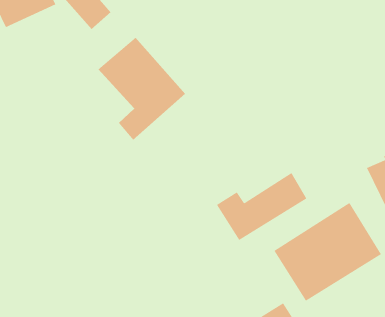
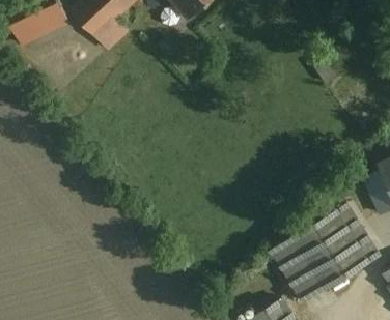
building: [98,37,186,140] -> none
building: [216,172,307,241] -> none

